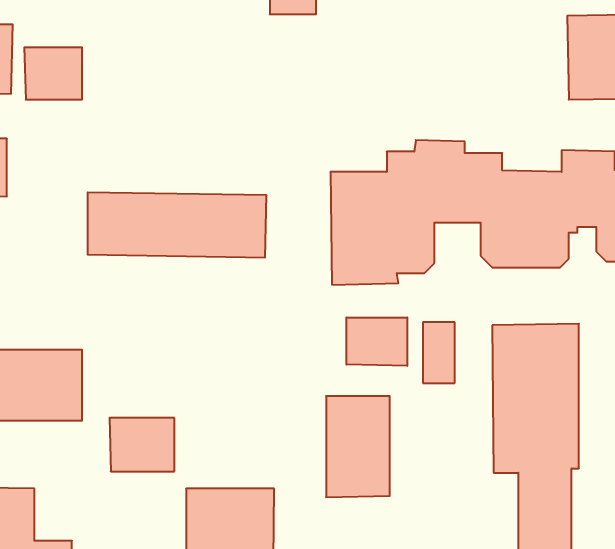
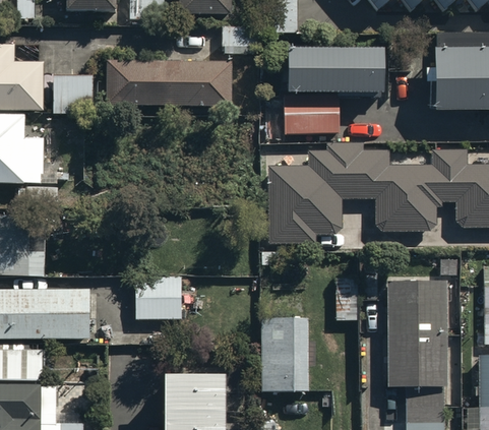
building: none -> [292,53,383,97]
building: none -> [283,101,338,131]
building: [88,192,267,258] -> [107,59,233,105]
building: [346,317,407,366] -> none
building: [109,418,174,471] -> [137,278,183,315]

